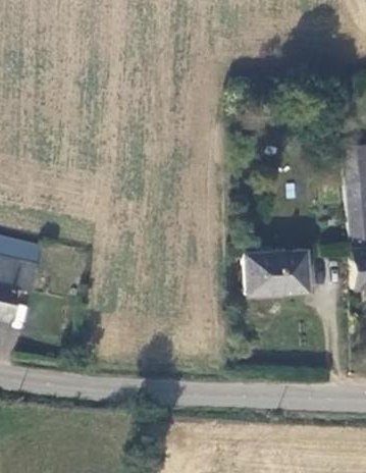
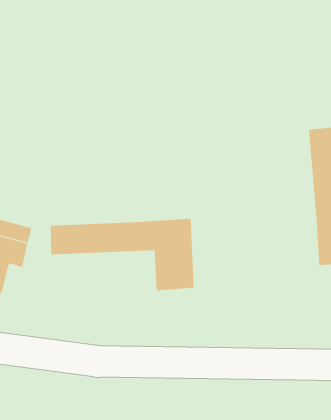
building: none -> [50,218,194,291]
building: [242,252,302,293] -> none

